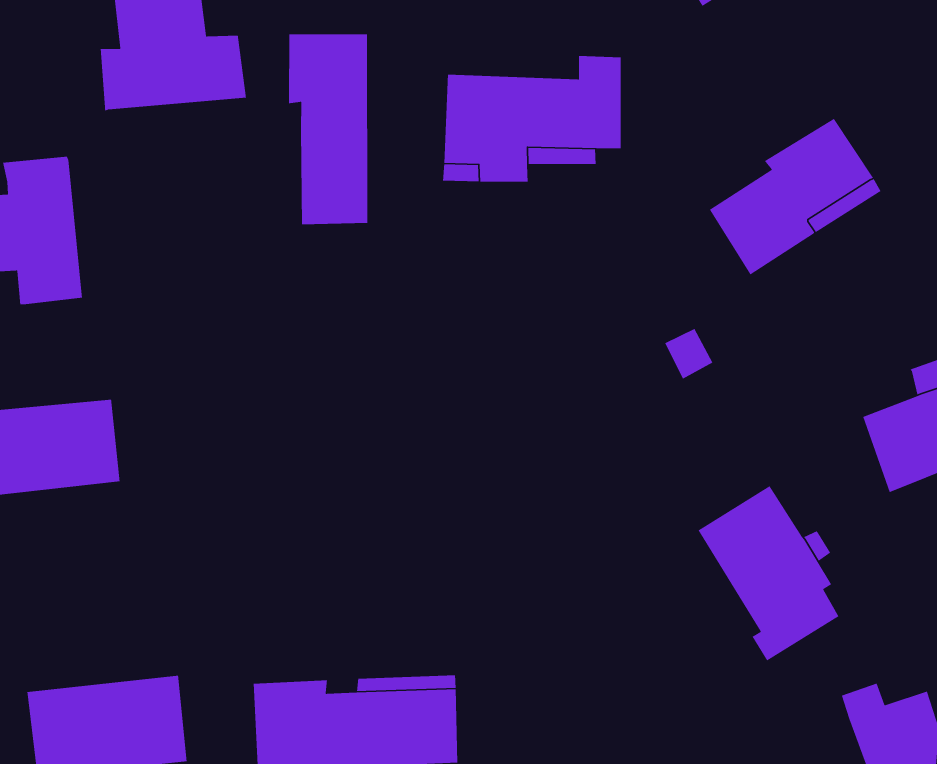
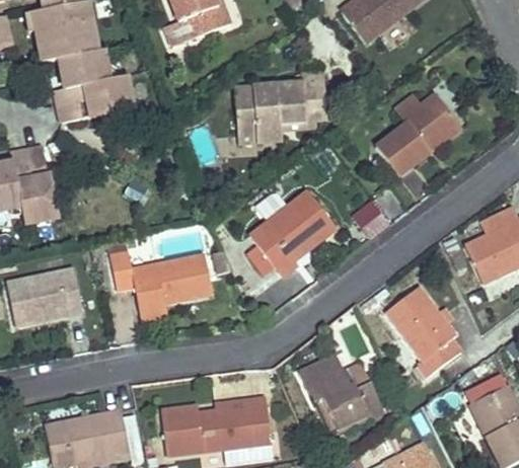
building: [288,33,368,225] -> none
building: none -> [231,189,339,290]
building: none -> [109,252,211,320]
building: none -> [298,353,382,431]

